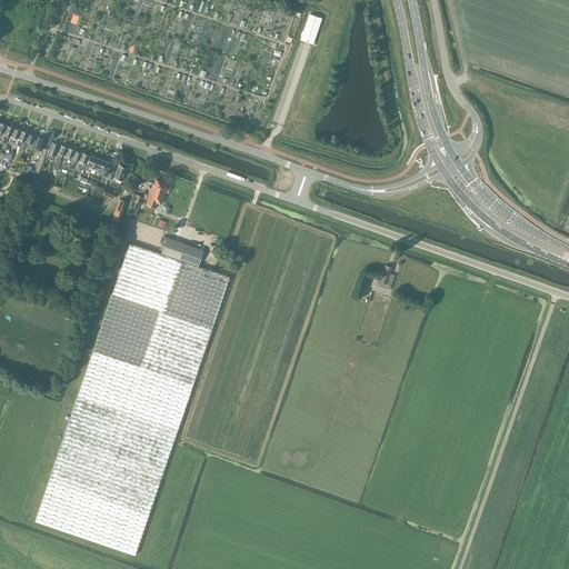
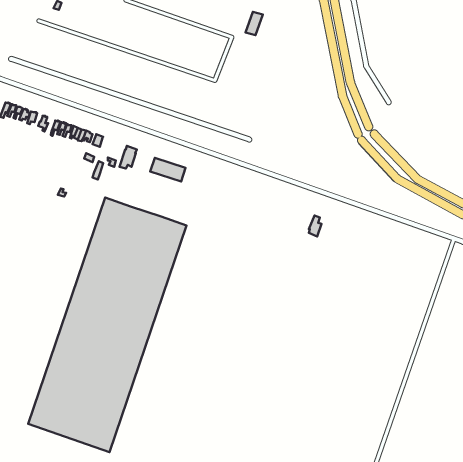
building: [160,238,203,267] -> [150,158,186,181]

